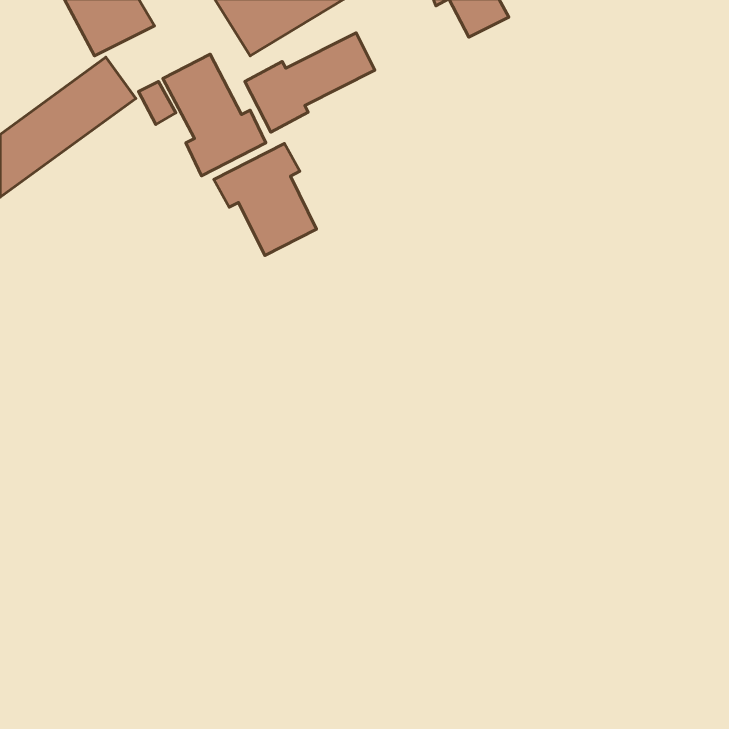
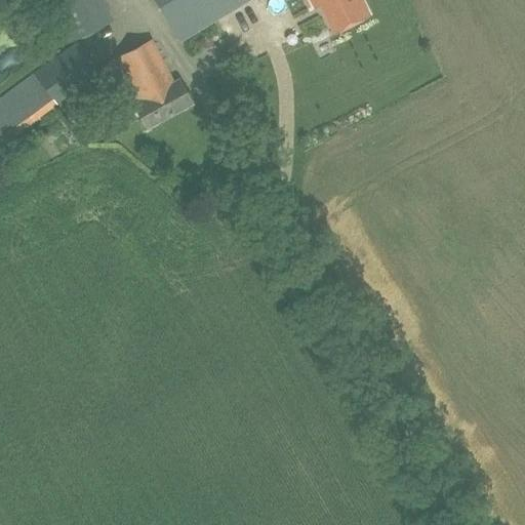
building: [245,33,375,132] -> none
building: [214,143,317,255] -> none

